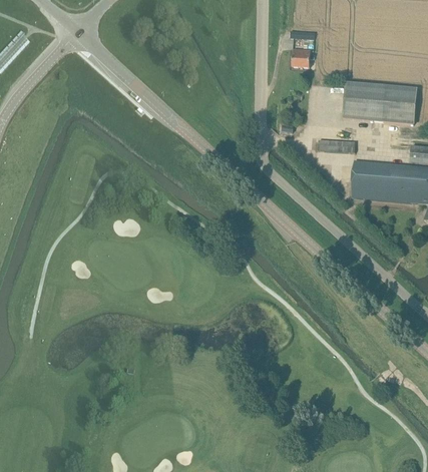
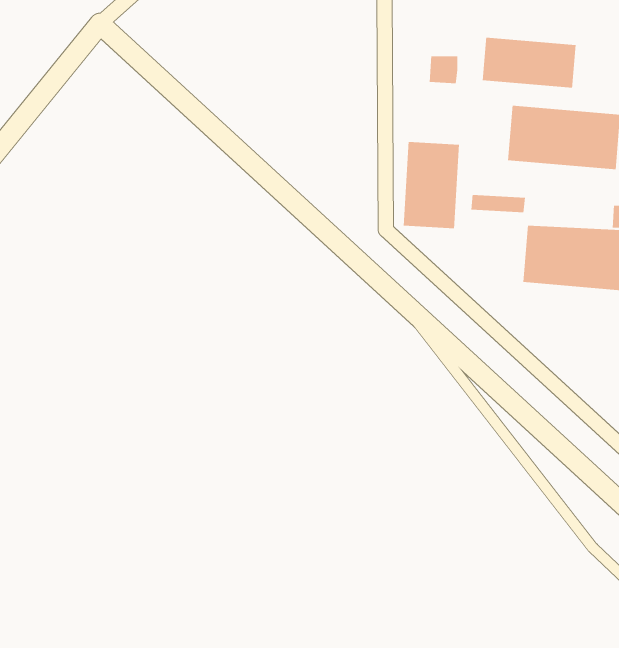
building: none -> [482,37,576,89]
building: none -> [403,141,459,229]

